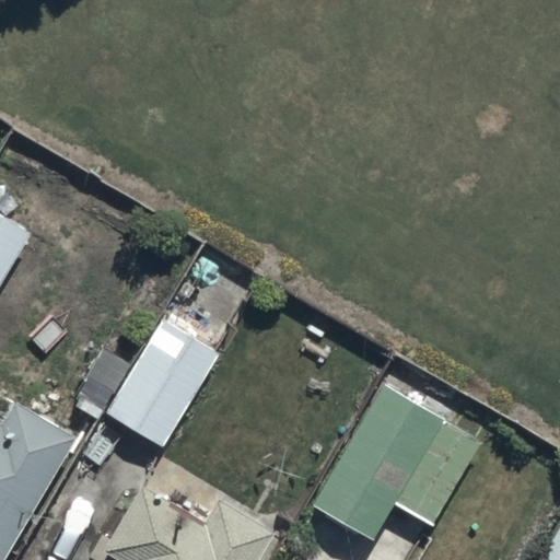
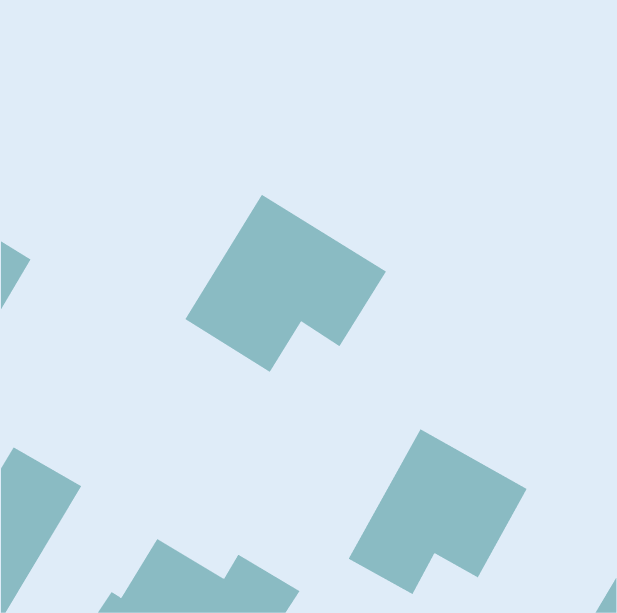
building: none -> [184,194,387,373]
building: [103,320,215,448] -> none

